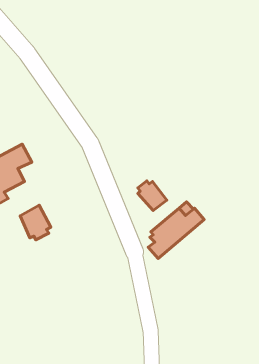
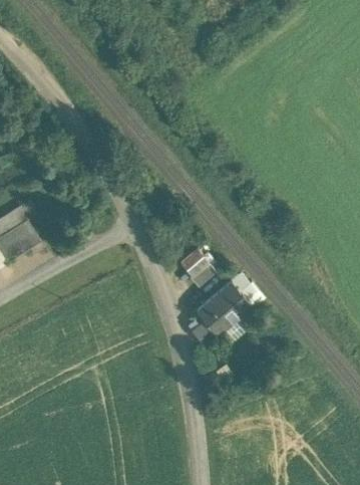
building: [20,205,51,240] -> none

